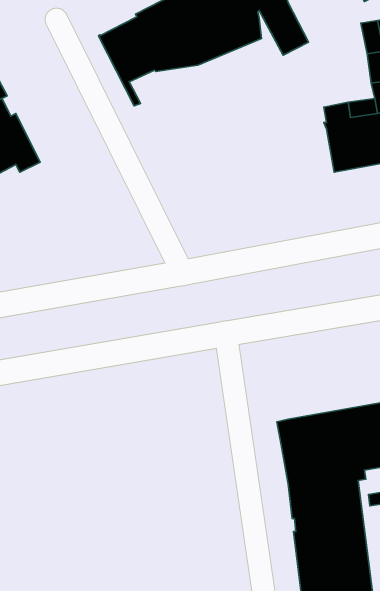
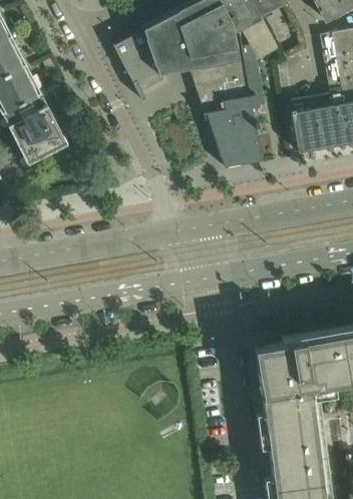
building: none -> [192,46,266,167]

